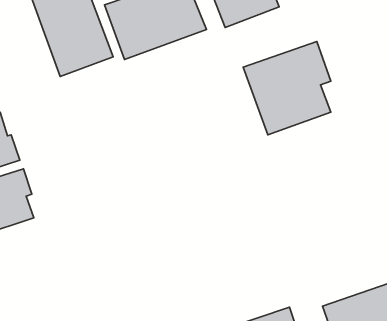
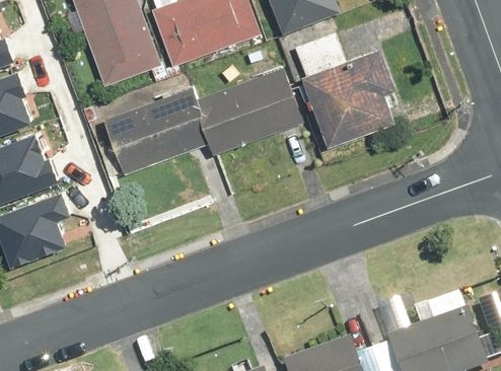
building: none -> [102,67,303,175]

